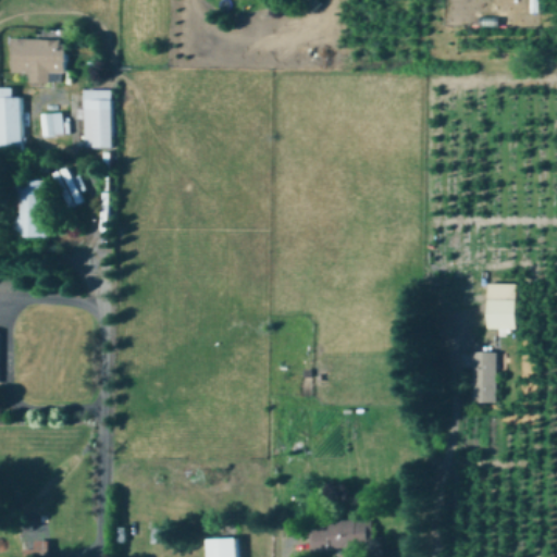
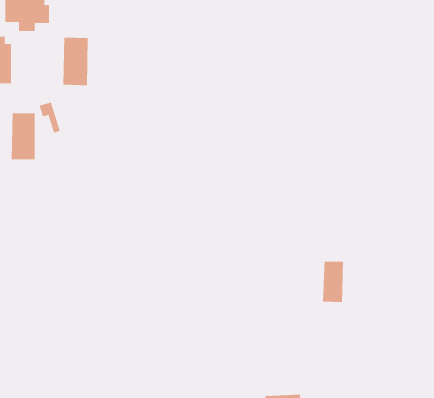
building: [37,113,61,136] -> none
building: [488,283,520,329] -> none
building: [471,352,497,403] -> [322,261,344,303]

